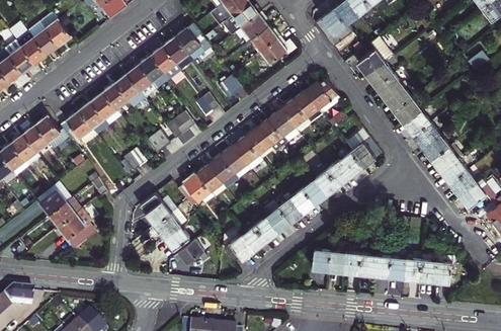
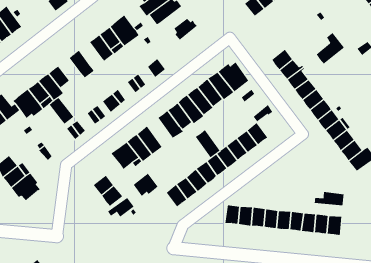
building: [316,9,353,48] -> none
building: [235,12,267,43] -> none
building: [258,35,297,64] -> none
building: [358,37,393,76] -> [316,32,345,65]
building: [139,55,168,87] -> none
building: [114,74,145,106] -> [49,97,74,124]
building: [350,138,382,168] -> none
building: [220,145,250,179] -> [195,129,220,158]
building: [140,192,171,225] -> none
building: none -> [314,191,344,206]
building: [224,234,254,262] -> [133,173,158,197]

